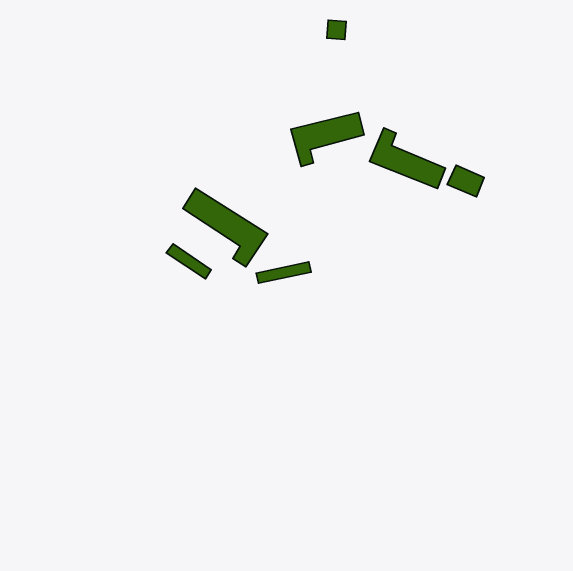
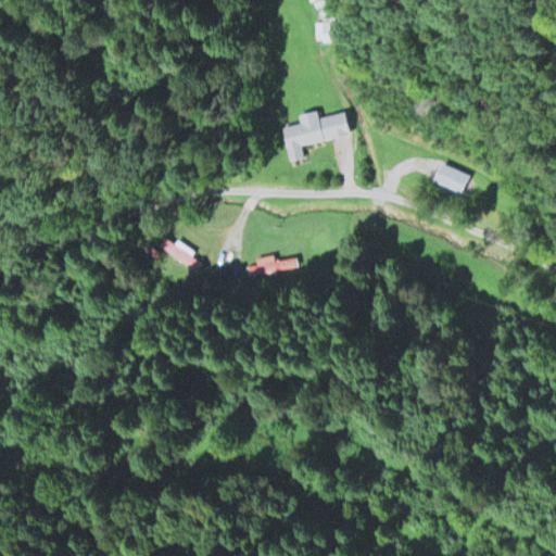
building: [370,128,446,189] -> none
building: [183,188,268,267] -> none

